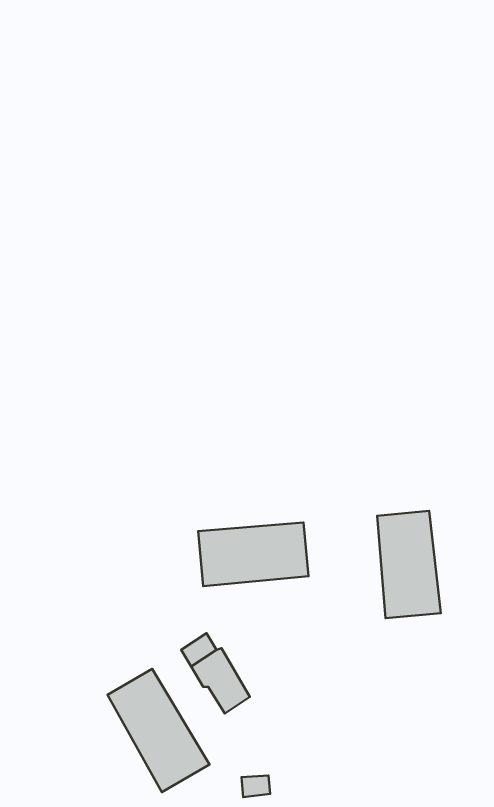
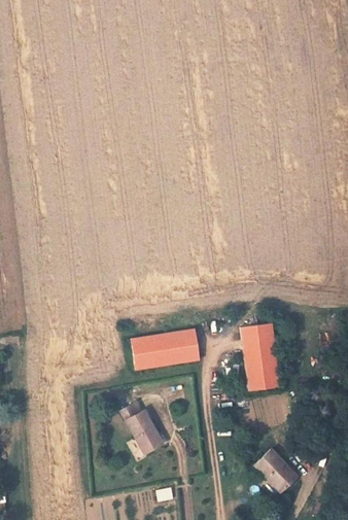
building: [107,669,209,792] -> none
building: none -> [254,449,299,494]

